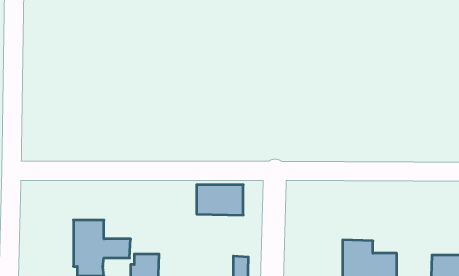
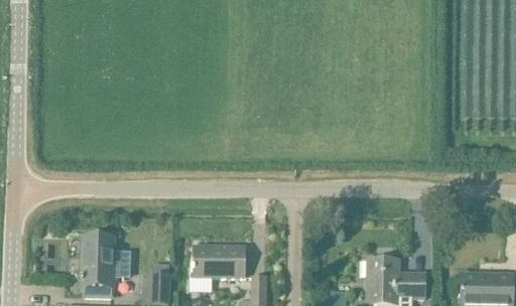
building: [197,185,243,215] -> [195,245,244,277]

